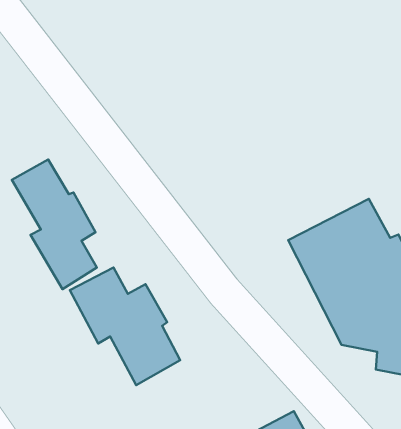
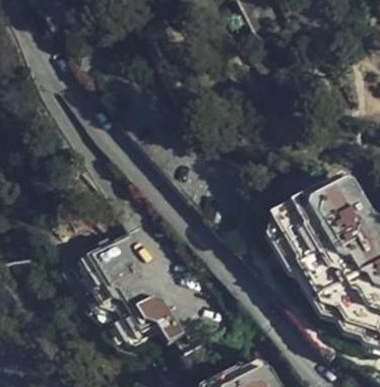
building: [12,160,97,289] -> none

